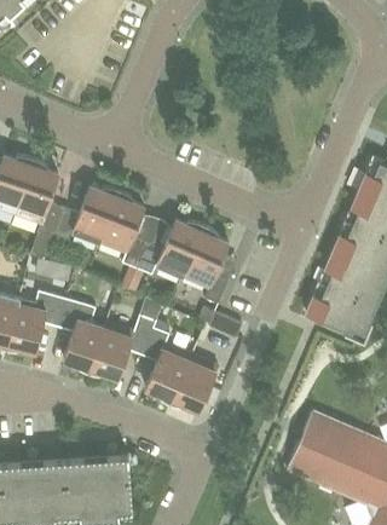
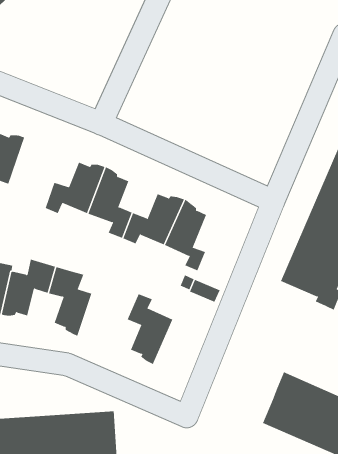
building: [13,158,62,236] -> none
building: [87,315,155,379] -> none
building: [168,356,216,411] -> none

